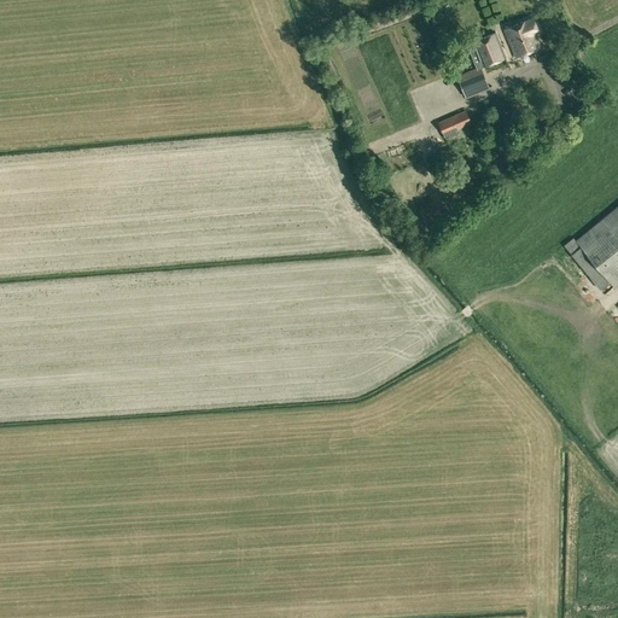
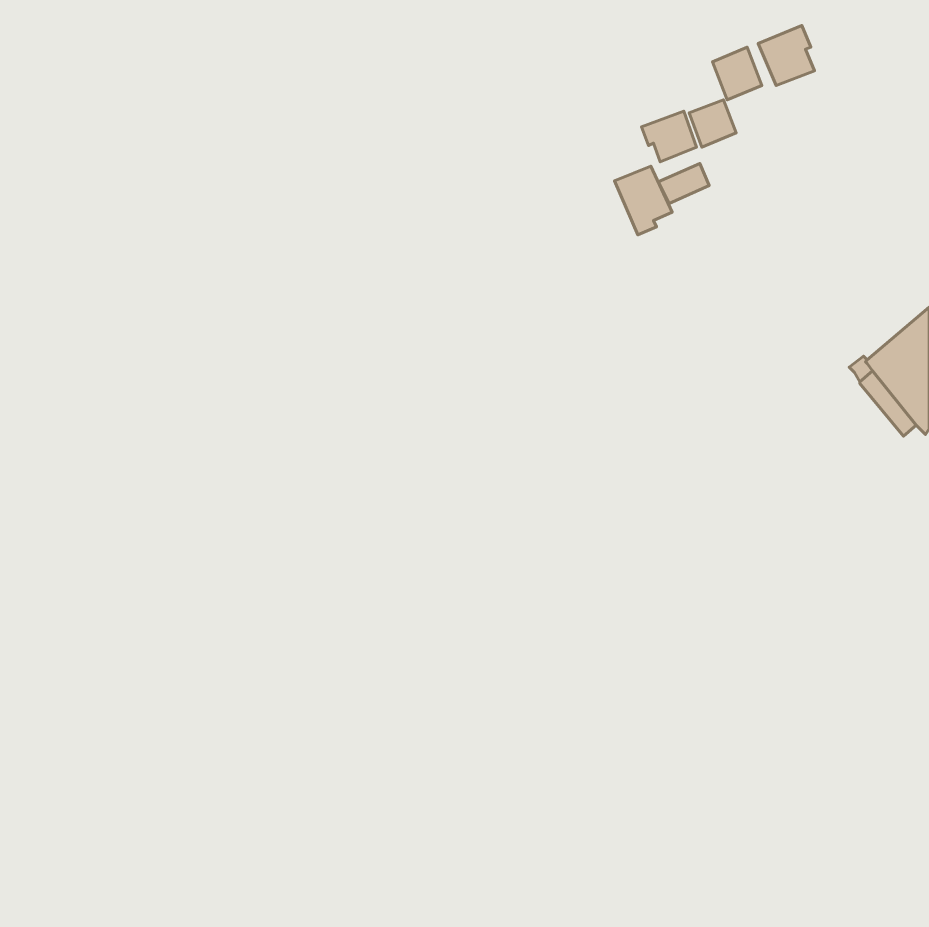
building: none -> [642,111,696,162]
building: none -> [614,166,672,235]

